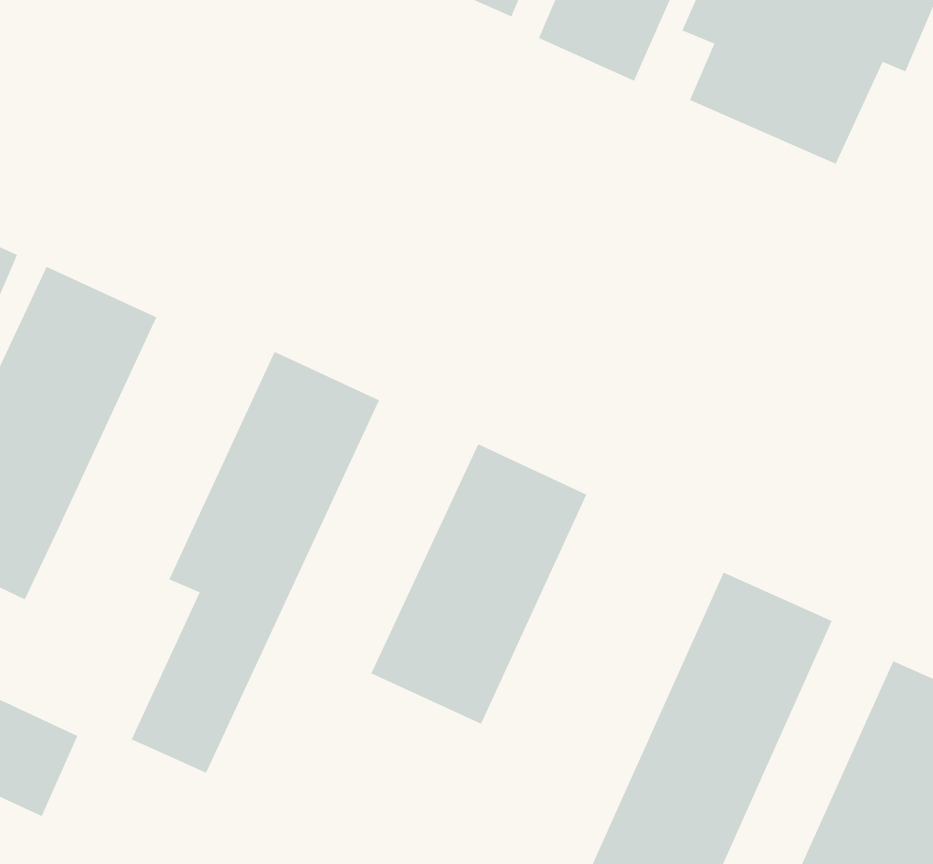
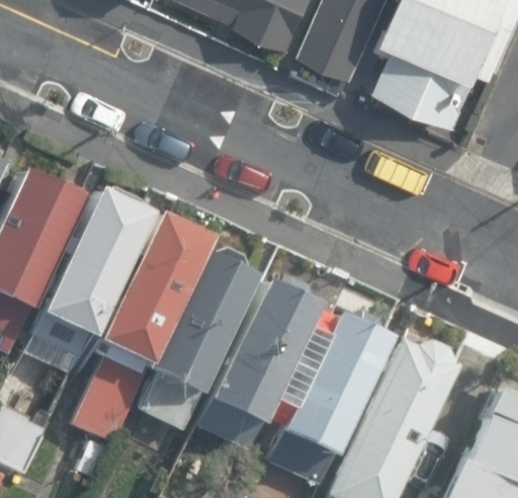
building: none -> [40,193,156,343]
building: none -> [135,247,265,439]
building: none -> [274,309,387,472]

